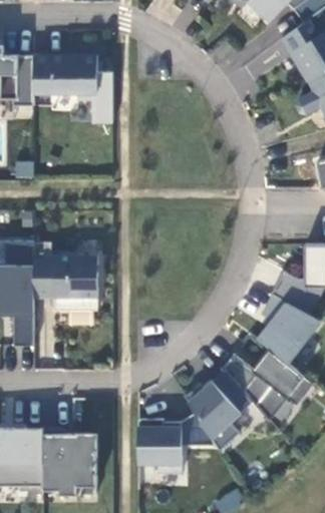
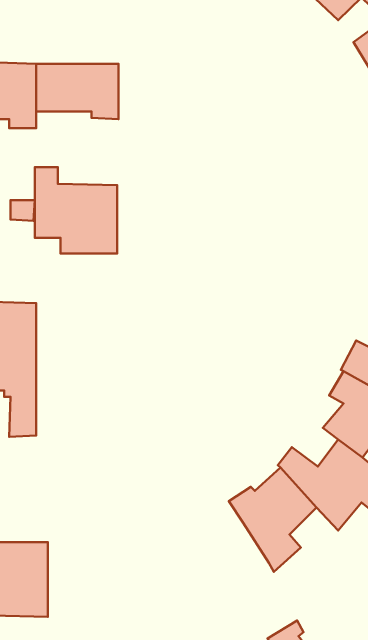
building: [33,241,97,309] -> [35,167,117,253]
building: [137,413,215,472] -> none
building: [42,428,97,494] -> none

